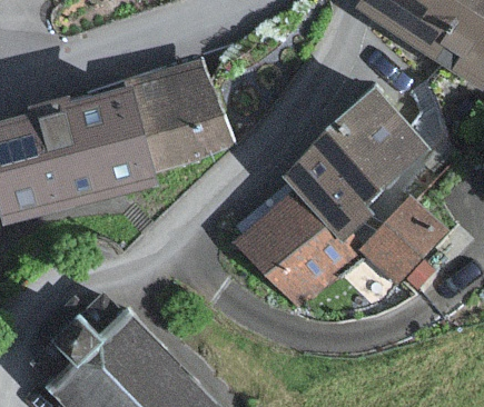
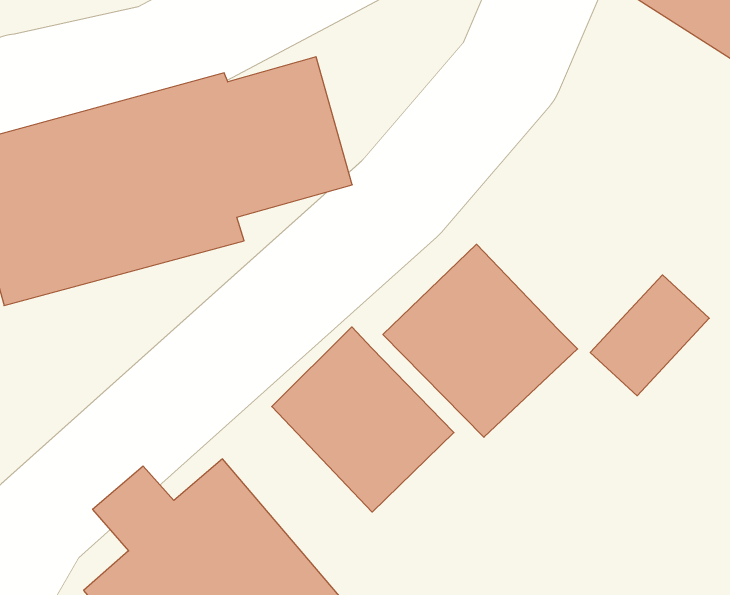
building: [288,90,427,235] -> none
building: none -> [272,327,454,512]

